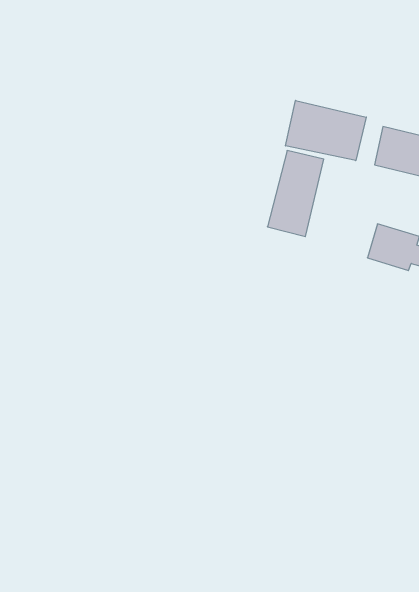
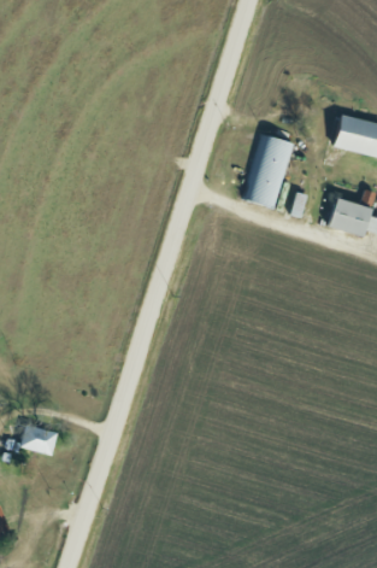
building: [286,100,366,161] -> none
building: none -> [22,424,58,455]

